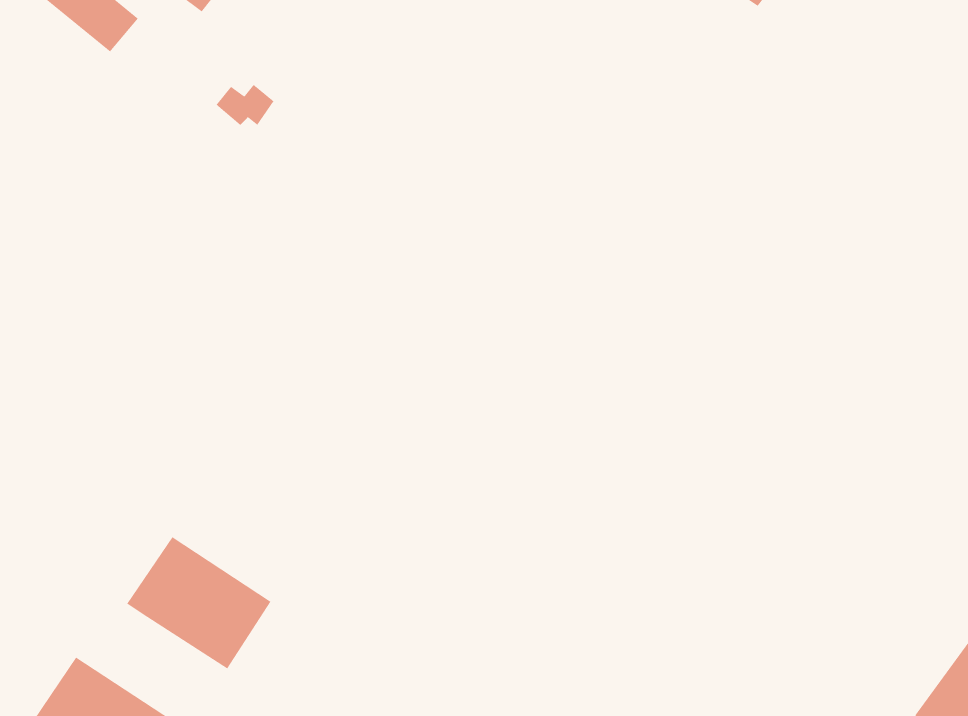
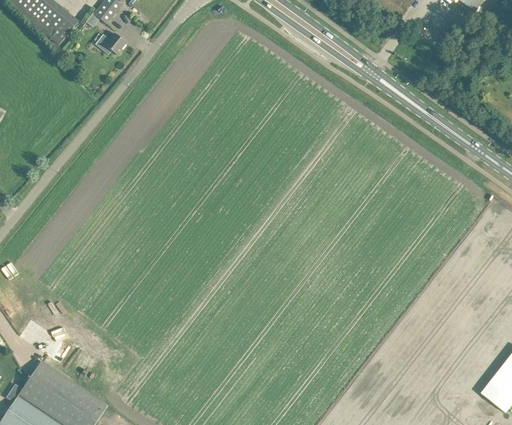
building: [216,84,275,126] -> [96,30,127,52]
building: [126,536,271,670] -> none

